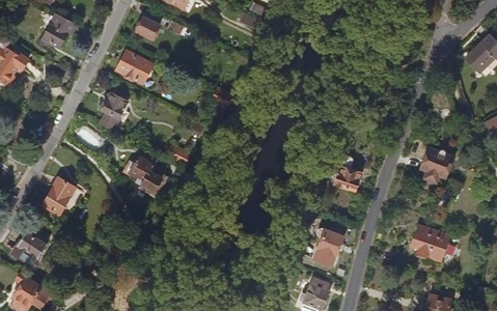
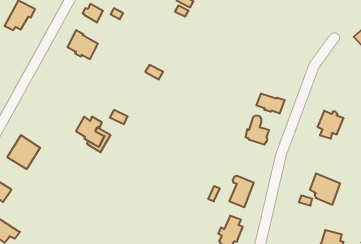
building: [99,91,128,131] -> none
building: none -> [256,93,285,114]

